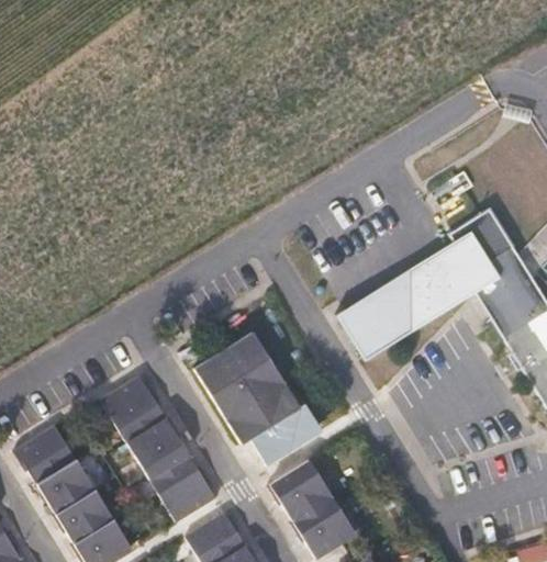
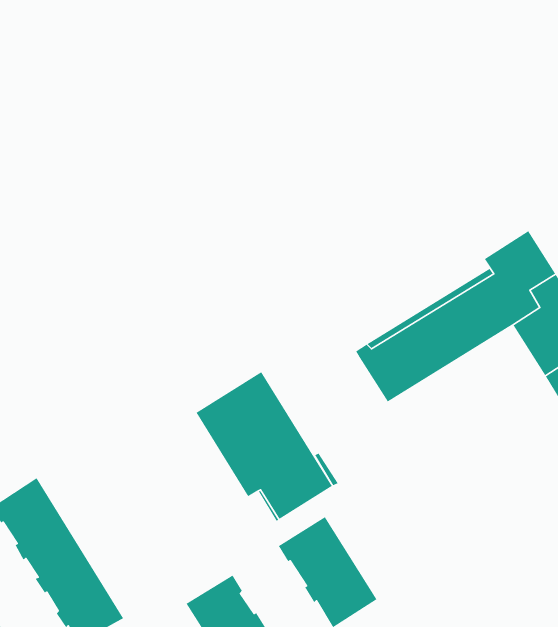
building: [102,374,219,522] -> none

